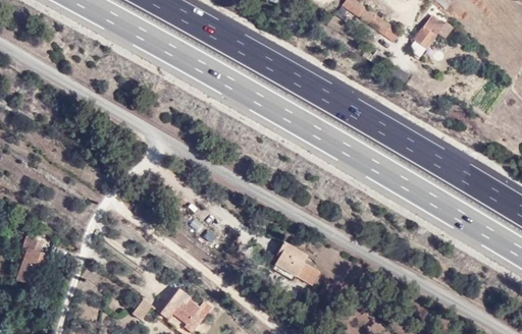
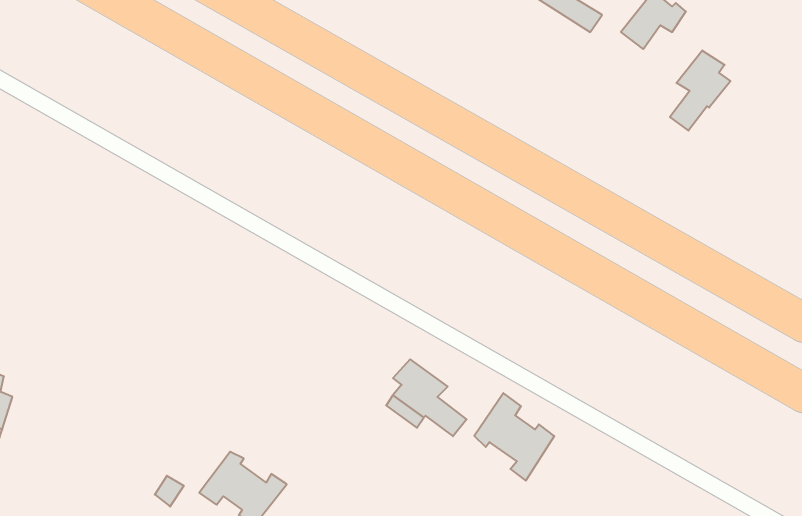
building: none -> [670,50,730,131]
building: none -> [474,393,554,481]

